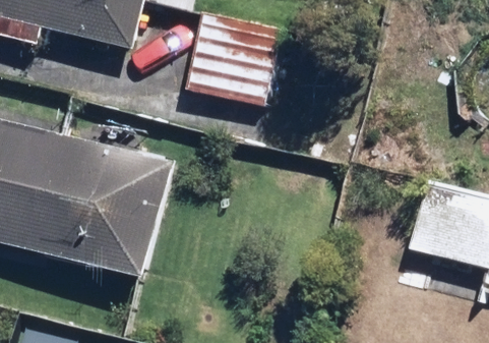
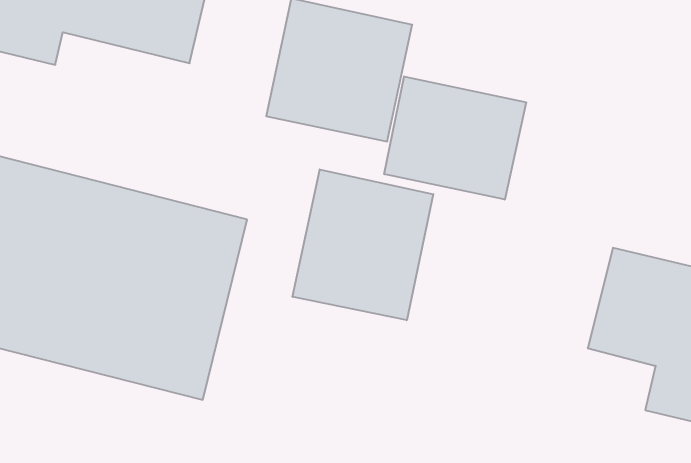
building: none -> [384,76,526,200]
building: none -> [293,169,433,320]

